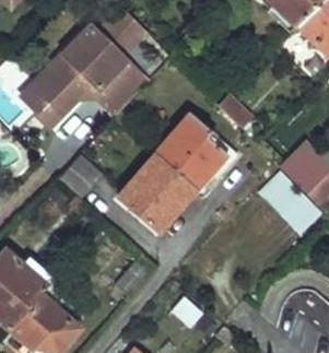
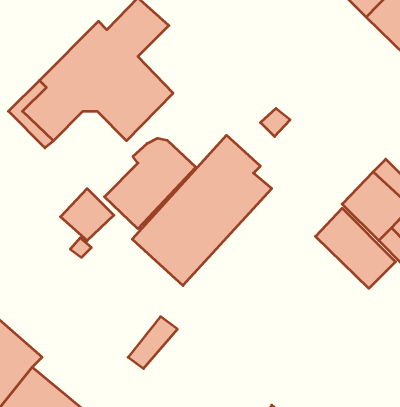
building: none -> [104,138,196,229]

